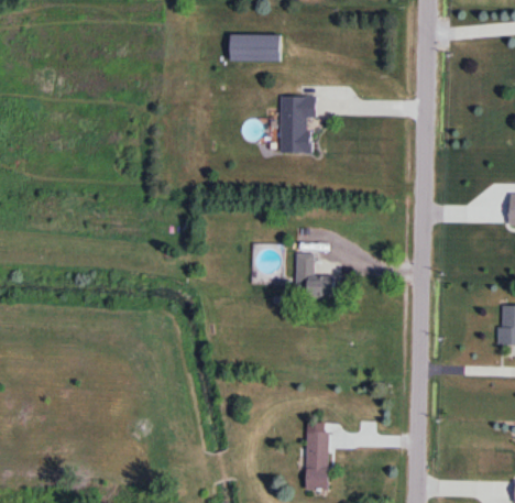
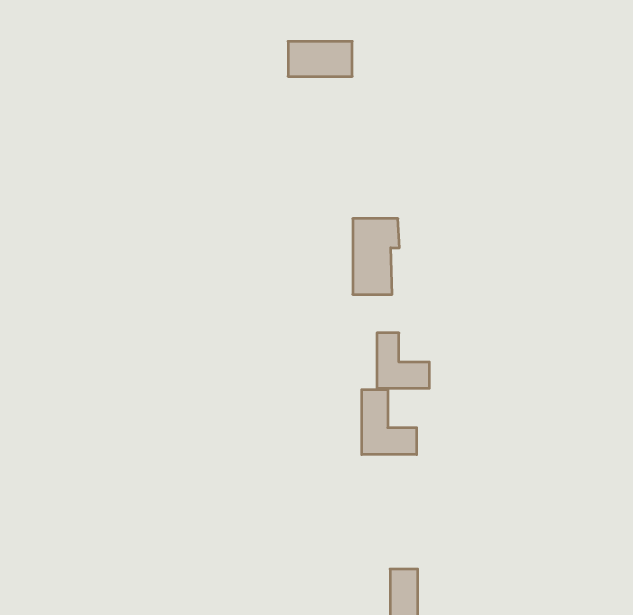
building: [281,95,316,152] -> [353,219,399,294]
building: none -> [362,390,417,455]

